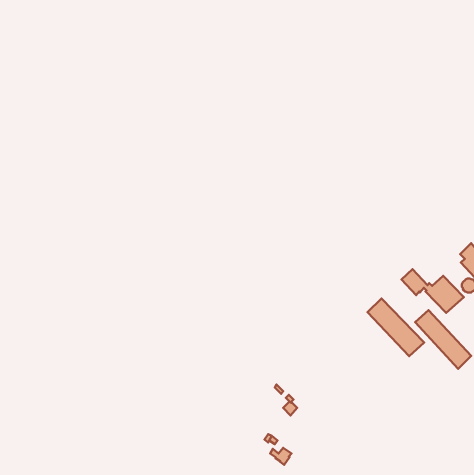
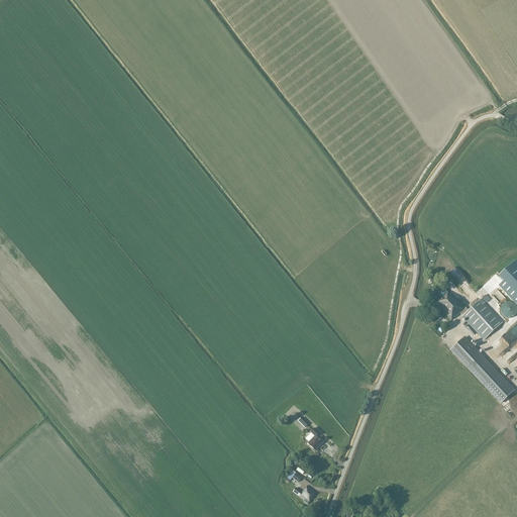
building: [367,299,424,356] -> none

